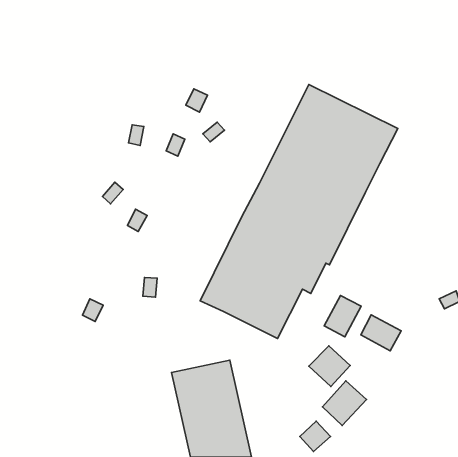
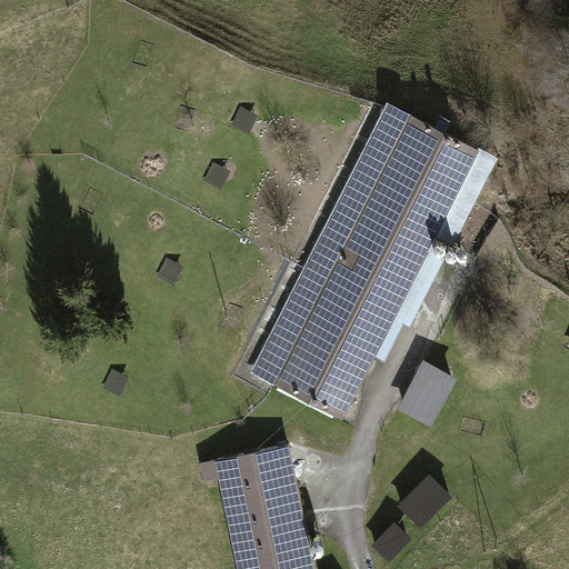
building: [361,315,401,351] -> none
building: [309,346,350,387] -> none

